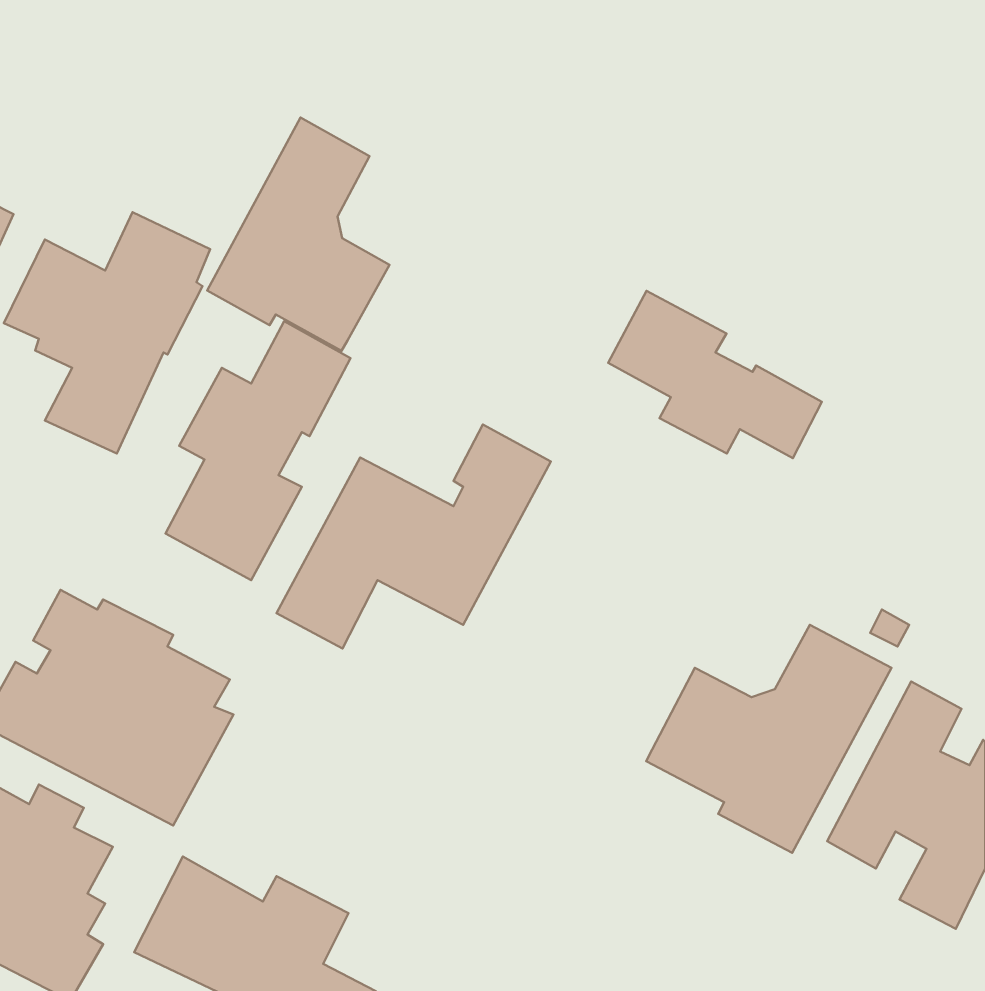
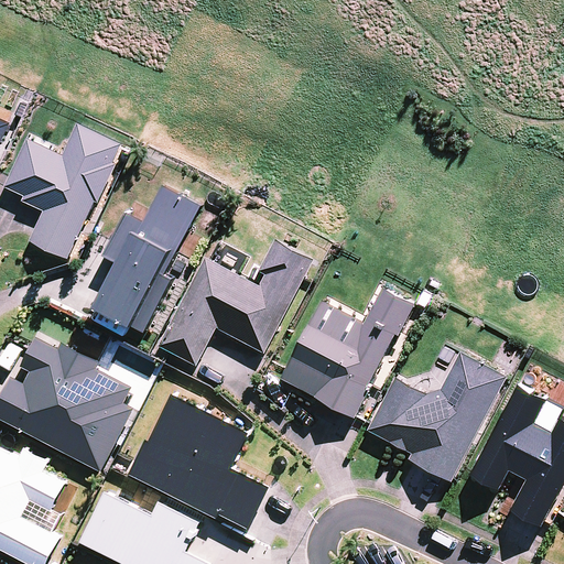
building: [207,118,389,351] -> none
building: [608,291,822,458] -> none
building: none -> [279,291,413,421]
building: none -> [126,392,265,525]

